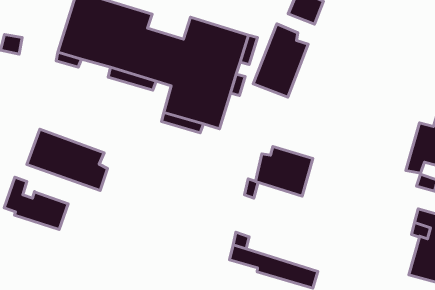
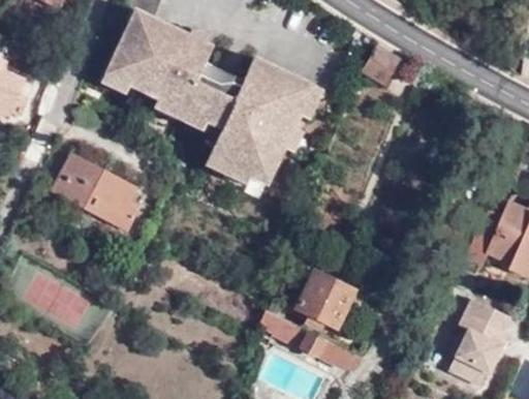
building: [253,24,308,97] -> none
building: [255,146,313,196] -> [287,271,353,330]
building: [4,177,68,229] -> none

